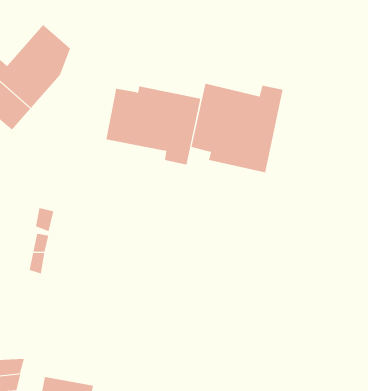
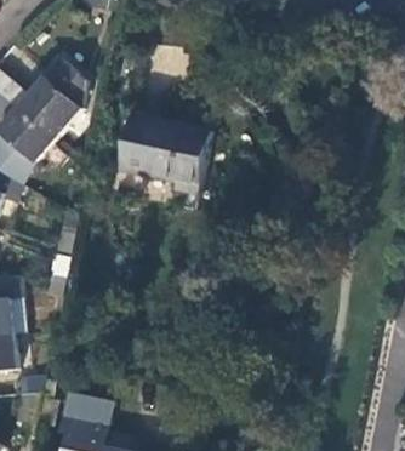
building: [191,83,283,173] -> none

